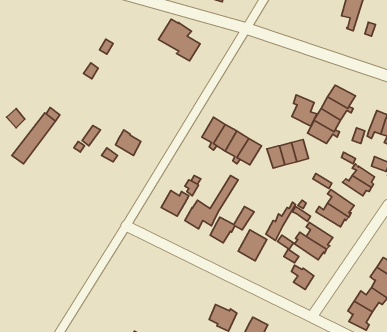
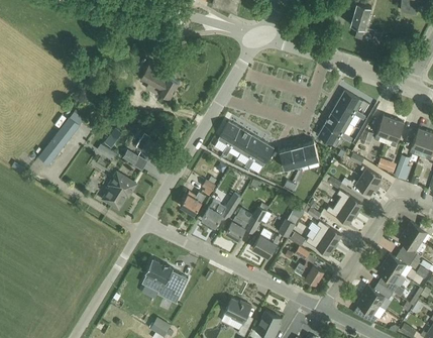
building: [158,19,200,61] -> [140,60,180,99]
building: [292,95,317,126] -> none
building: none -> [103,172,136,209]
building: none -> [143,259,189,304]

